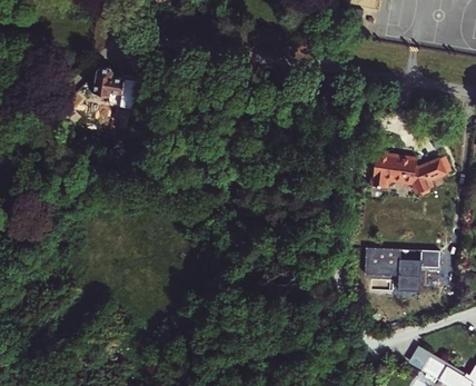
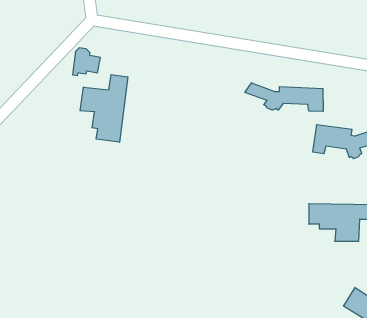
building: none -> [80,75,128,142]
building: none -> [245,83,323,111]

